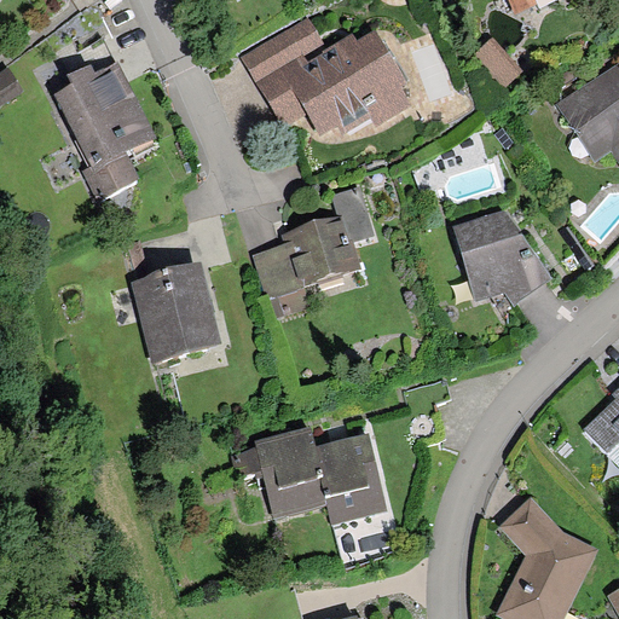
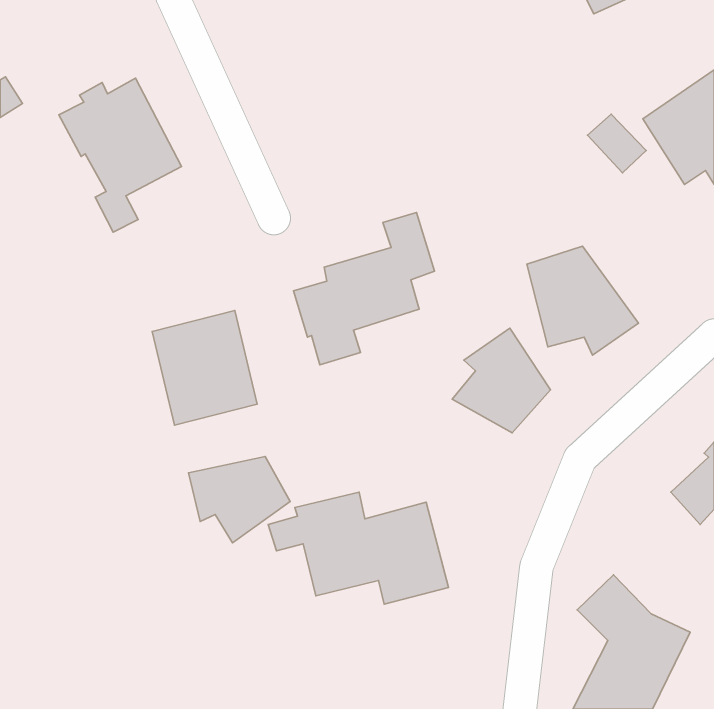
building: [239,15,411,140] -> none
building: [473,36,523,87] -> [587,114,646,173]
building: none -> [452,328,550,433]
building: none -> [188,456,290,543]

